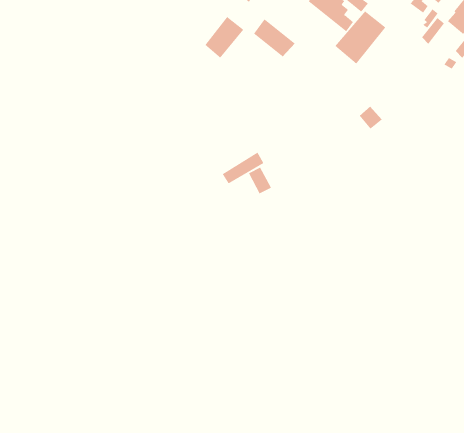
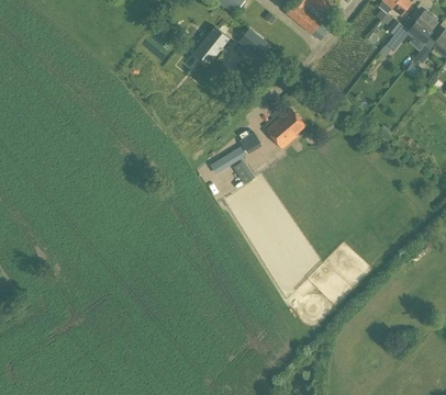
building: [335,11,386,64] -> none
building: none -> [266,110,305,148]

